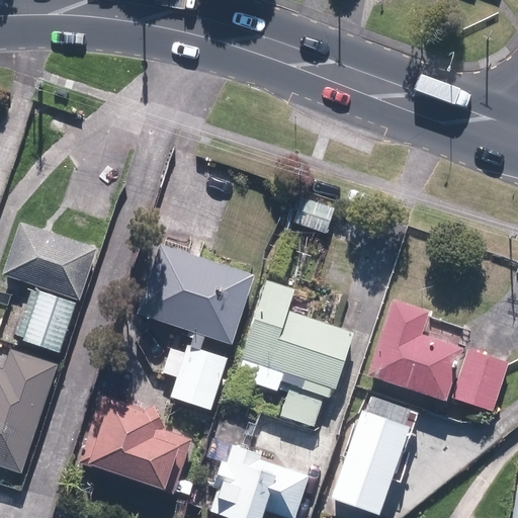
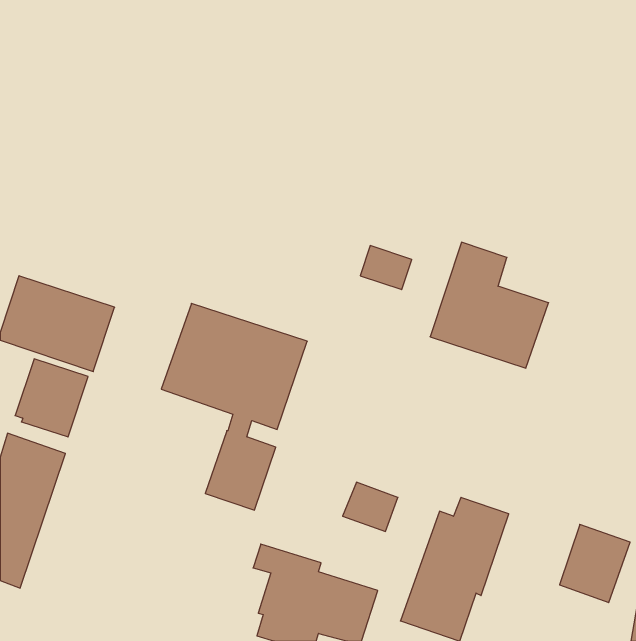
building: [240,281,352,398] -> none
building: [367,298,462,400] -> [430,242,549,368]
building: [453,348,510,411] -> [560,524,630,603]
building: [80,394,192,494] -> none

